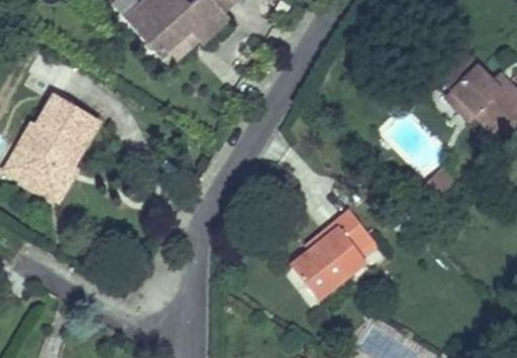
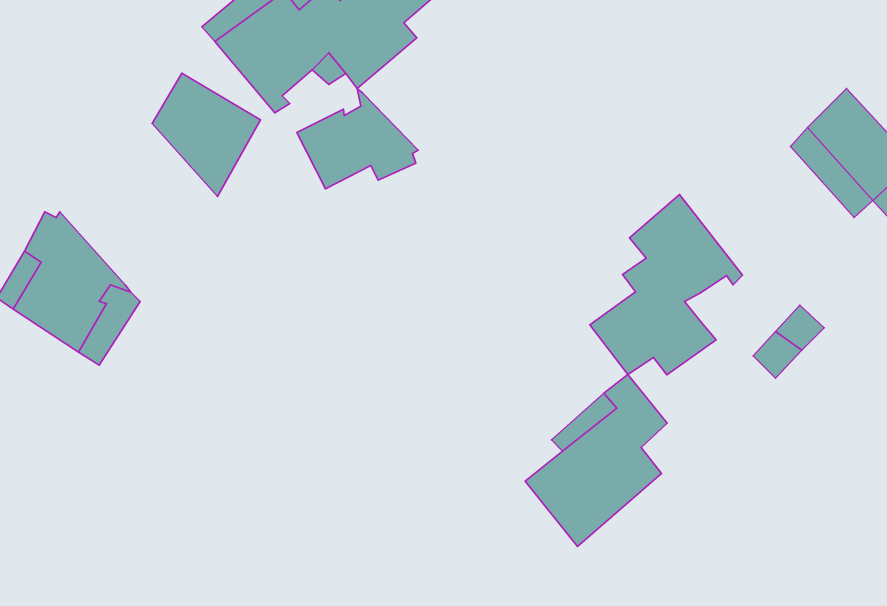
building: none -> [297,88,418,189]
building: [40,91,99,157] -> [152,73,260,196]
building: none -> [590,195,743,375]

